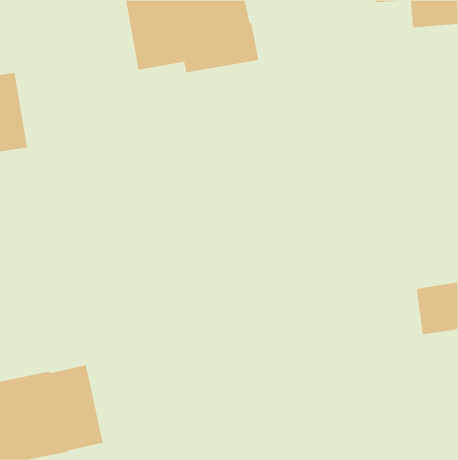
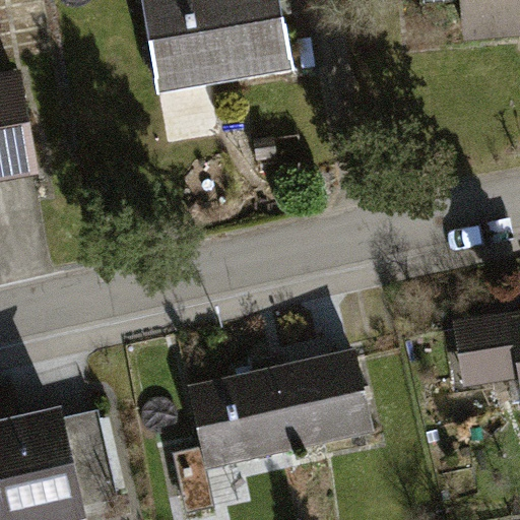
building: none -> [176,353,371,510]

